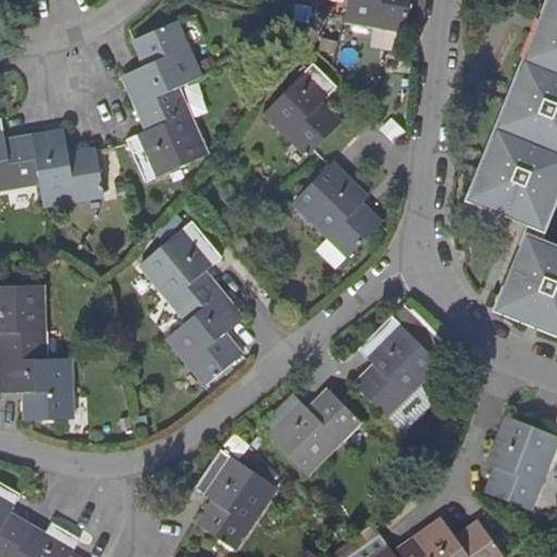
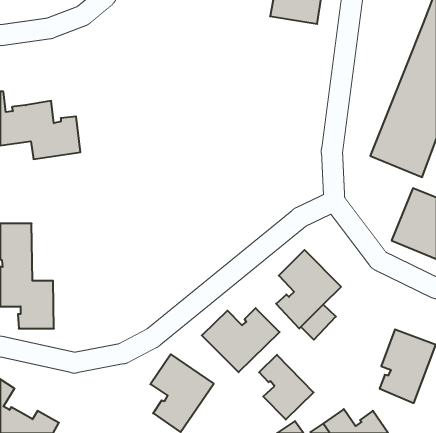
building: [125,21,206,181] -> none
building: [264,64,338,156] -> none
building: [293,164,379,257] -> none
building: [140,222,240,383] -> none
building: none -> [259,355,314,420]

